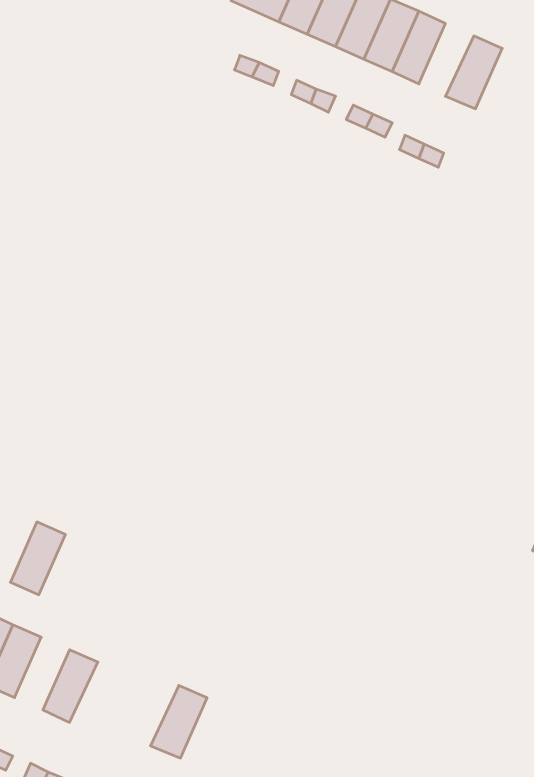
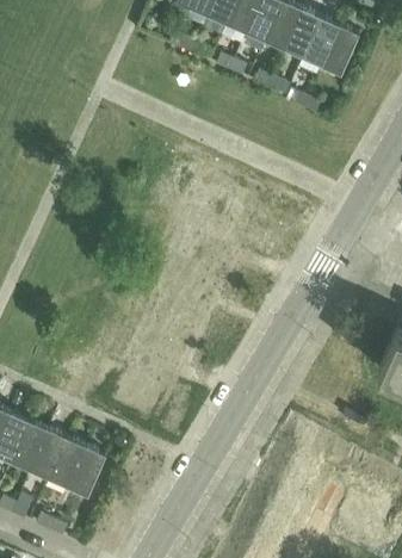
building: none -> [302,20,339,69]
building: [10,522,65,595] -> [30,433,67,482]
building: [150,685,207,758] -> [67,450,105,498]

